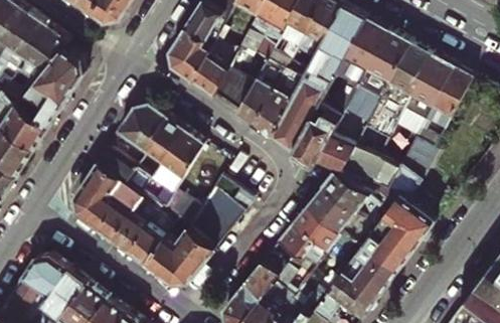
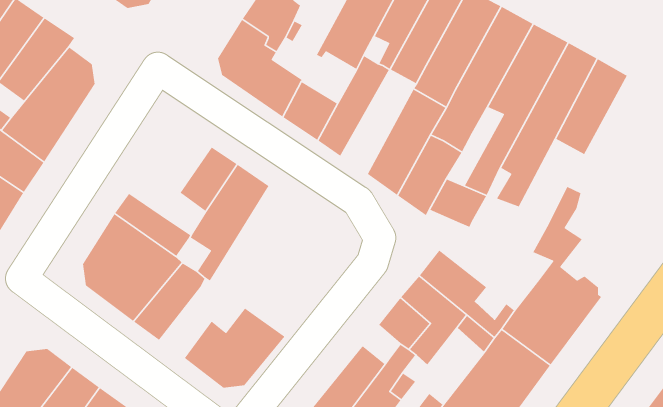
building: [254,61,306,134] -> none
building: [410,65,472,149] -> none
building: [118,103,164,147] -> none
building: [345,149,397,188] -> none
building: [322,171,391,228] -> none
building: [186,187,254,247] -> none
building: [128,206,177,262] -> none

